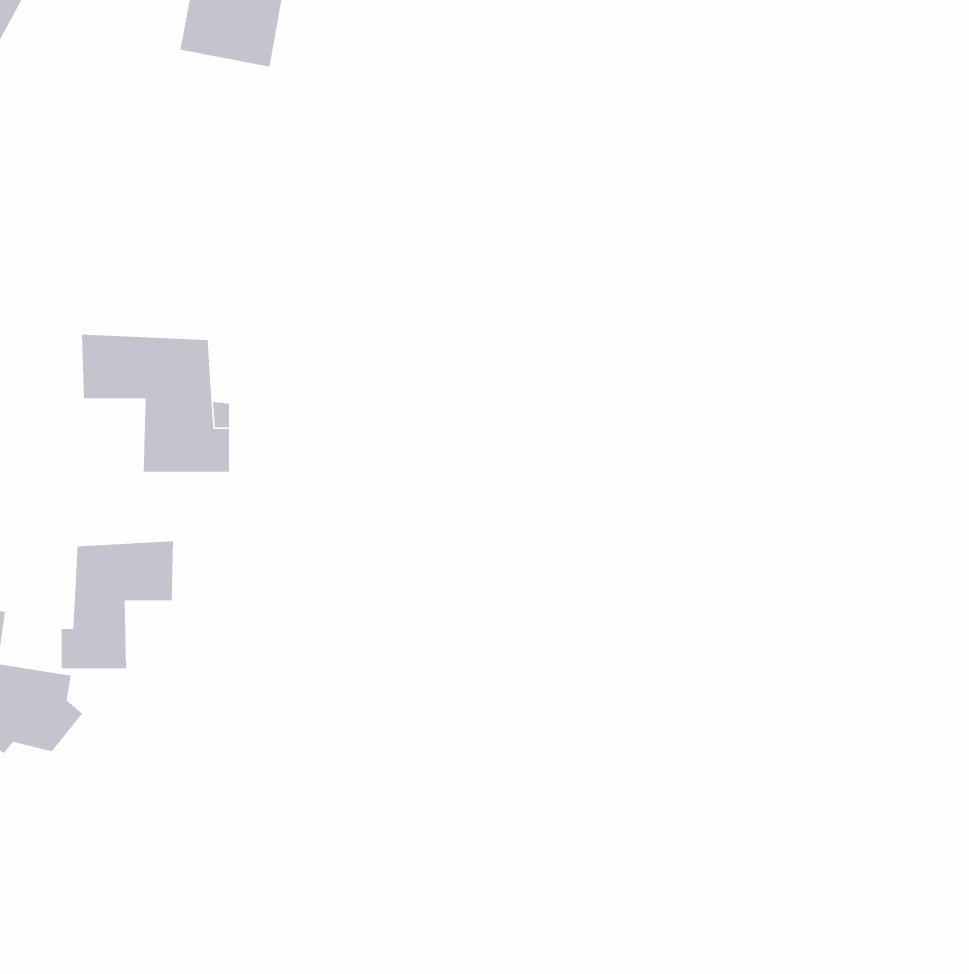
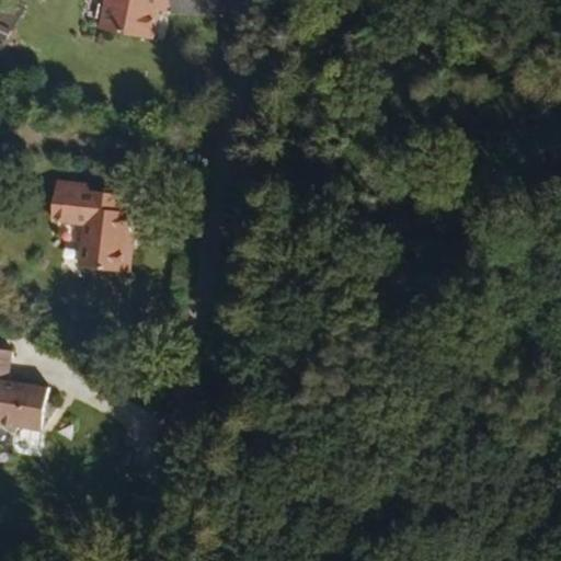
building: [61,541,174,669] -> none

